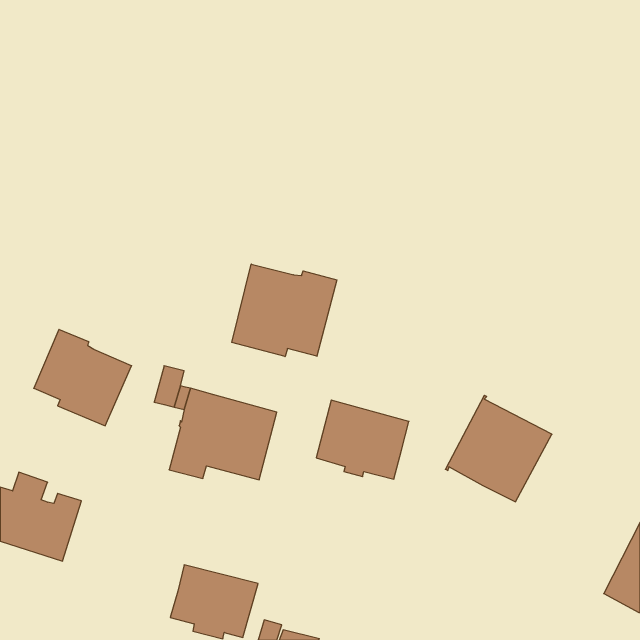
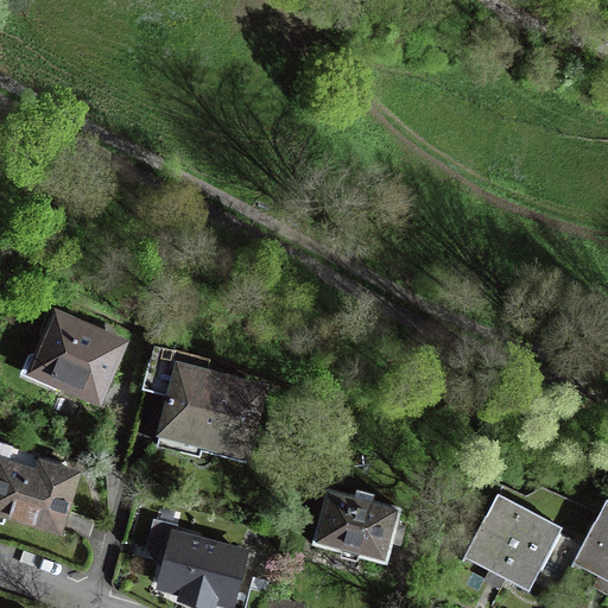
building: [232,264,337,357] -> none
building: [445,395,552,502] -> [462,490,563,591]
building: [316,400,409,479] -> [314,489,401,564]

